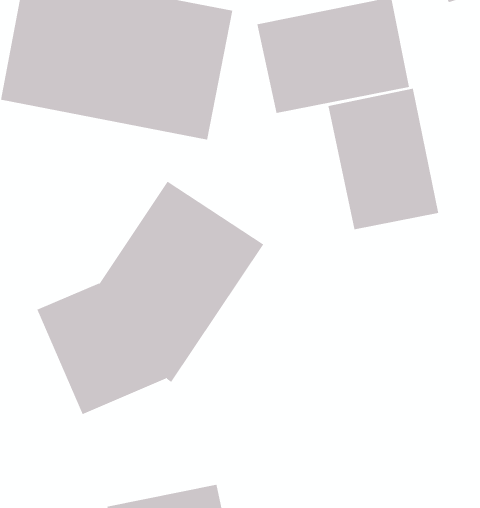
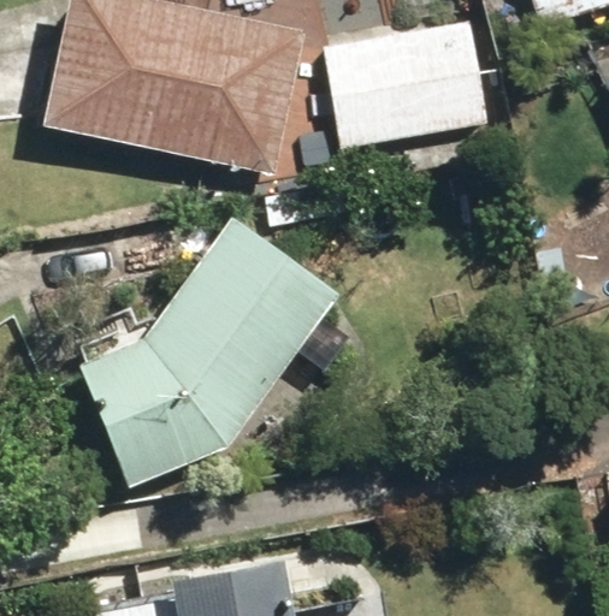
building: [328,88,439,230] -> none

